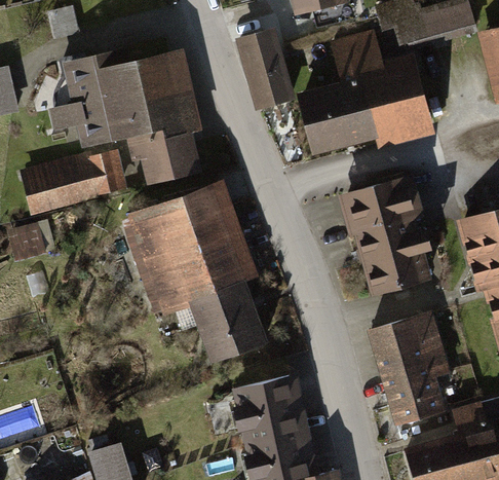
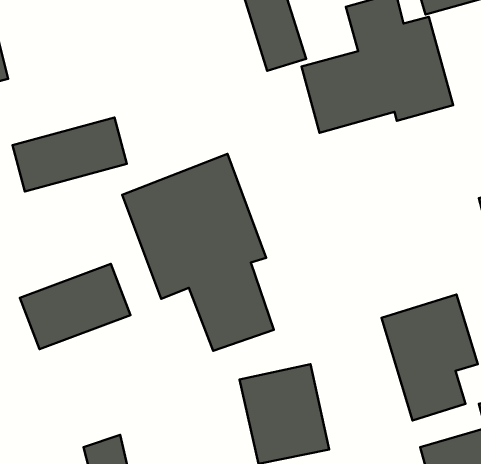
building: [48,48,201,187] -> none
building: [337,177,429,296] -> none
building: [20,217,53,251] -> none
building: none -> [20,264,130,349]

